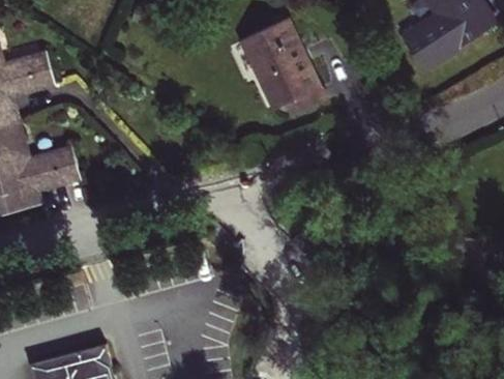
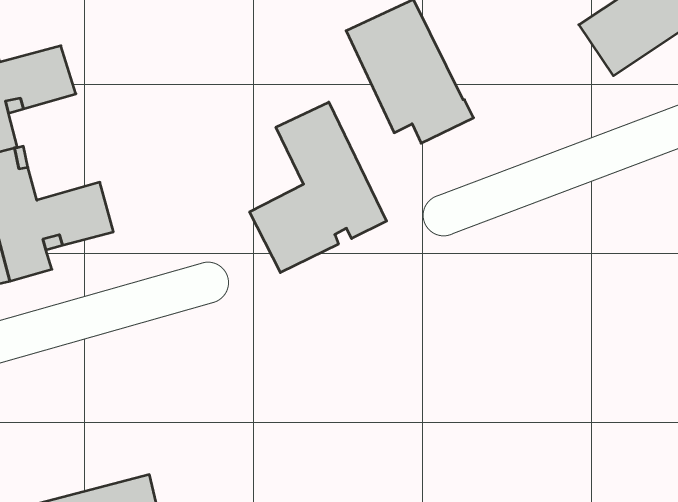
building: none -> [250,102,387,273]

